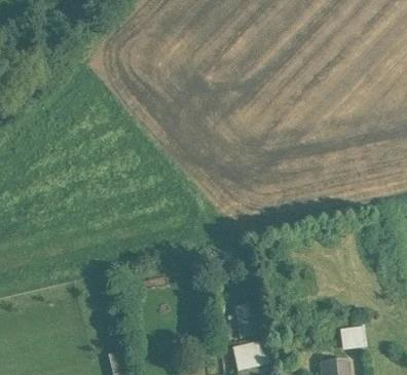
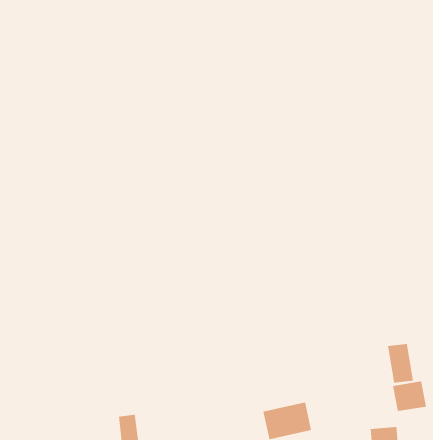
building: none -> [387,343,414,384]

